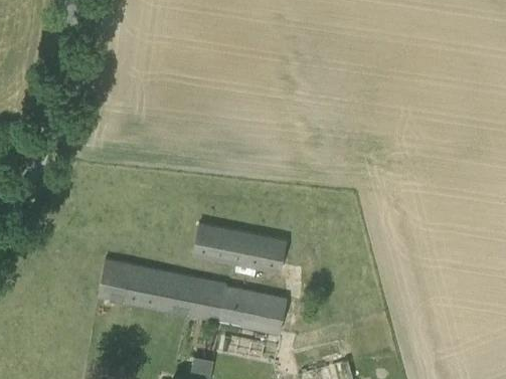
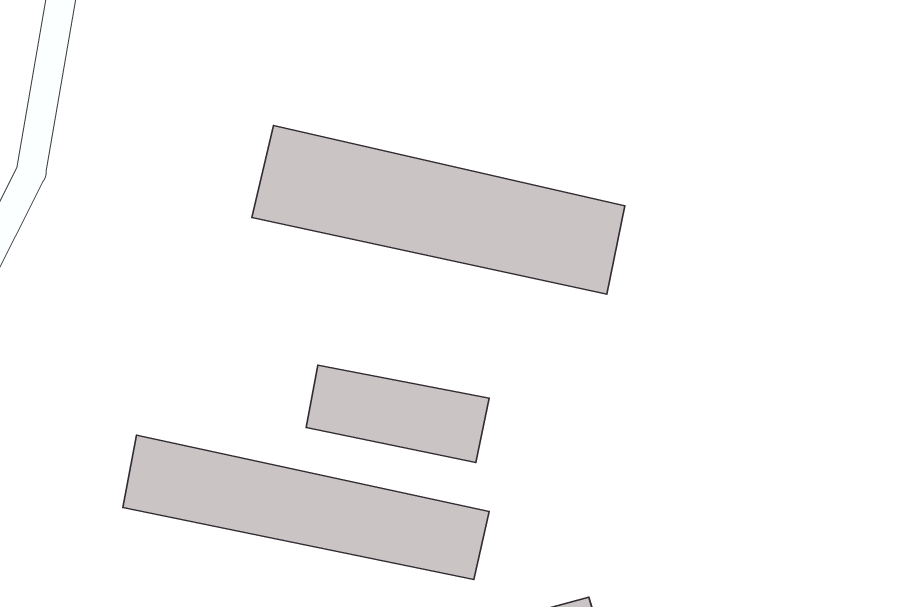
building: none -> [252,126,625,294]

